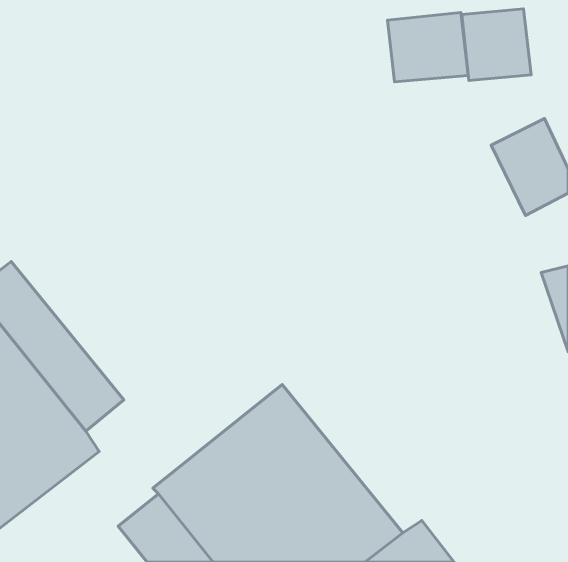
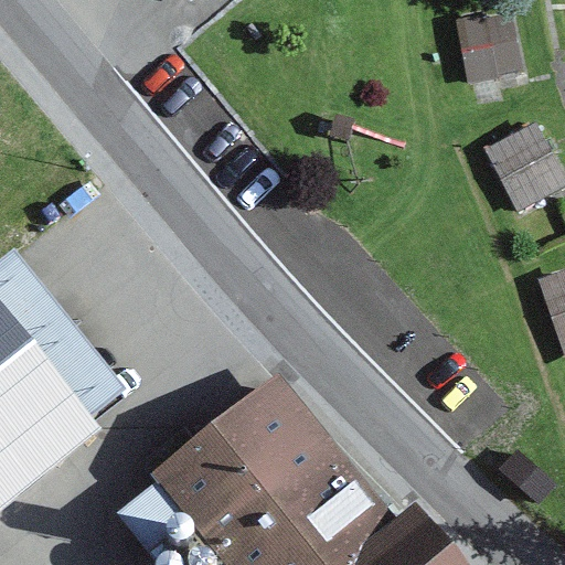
building: [388,13,468,82] -> none

